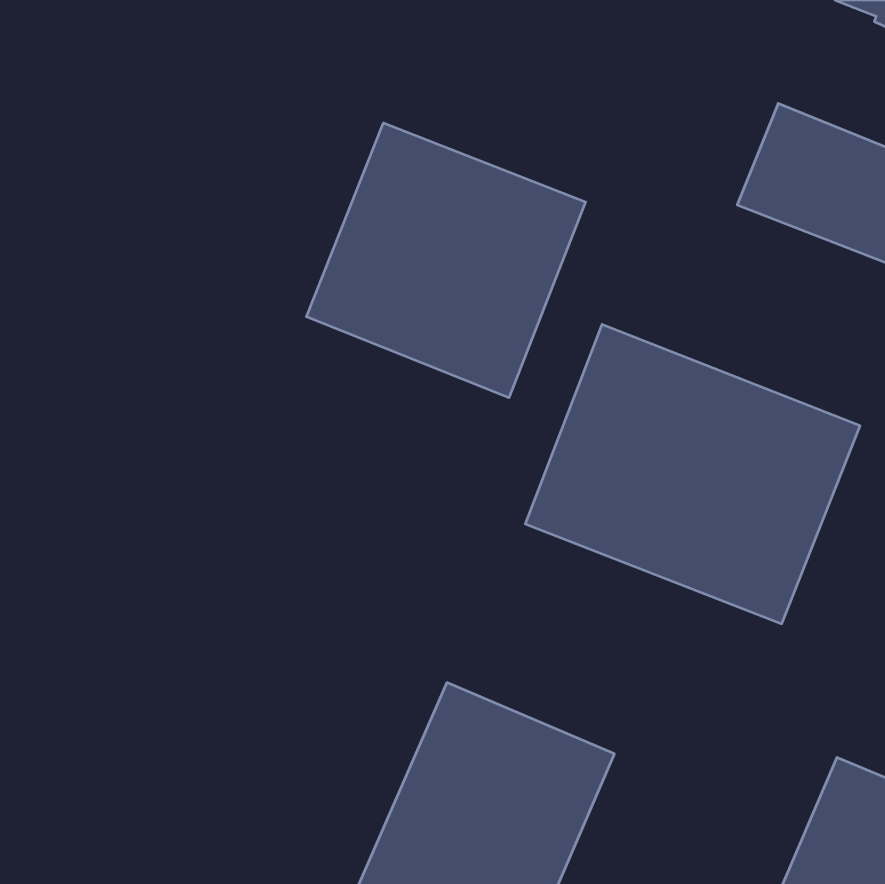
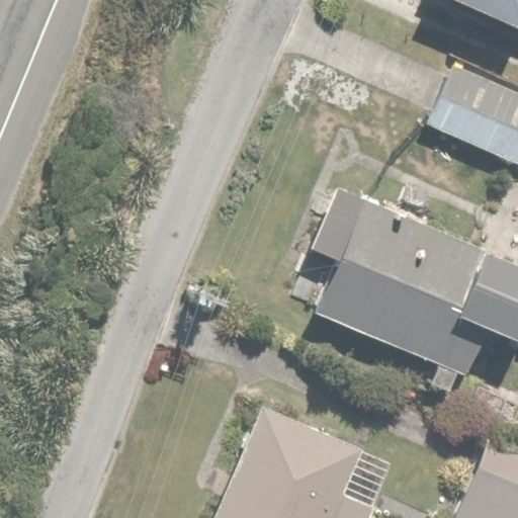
building: [306,123,586,398] -> none

